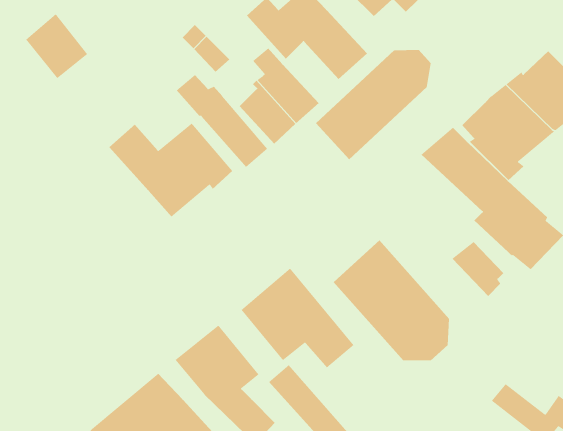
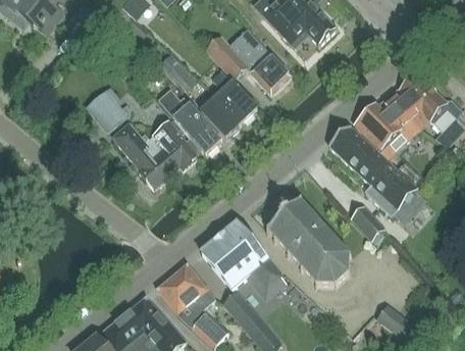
building: [25,13,88,79] -> [84,86,127,132]
building: [315,49,431,160] -> none

